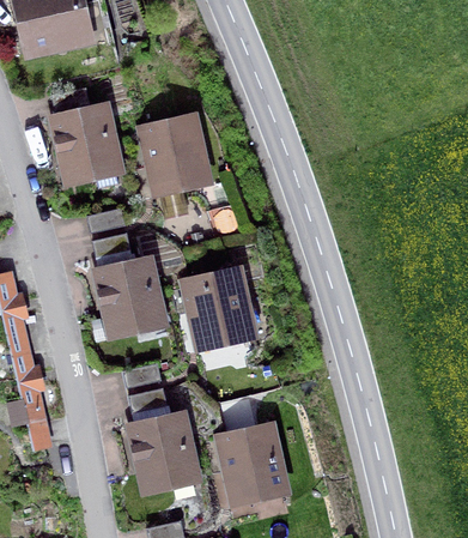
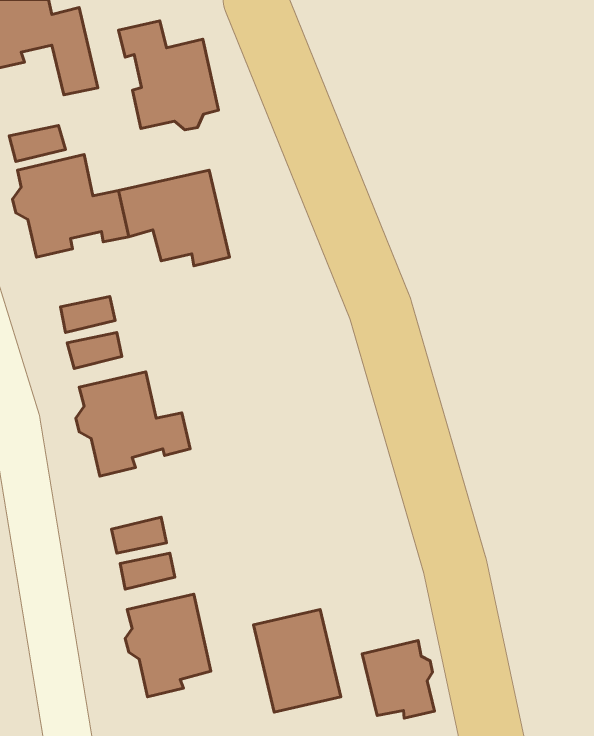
building: none -> [118,21,219,130]
building: [174,272,251,345] -> none
building: none -> [362,641,435,718]

